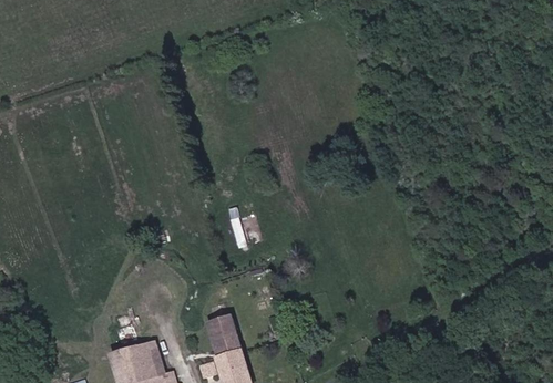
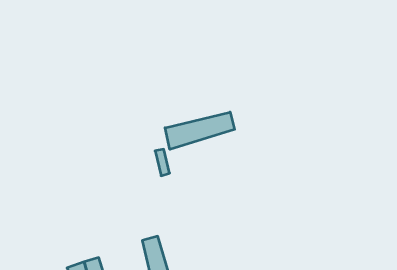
building: none -> [165,112,235,149]

